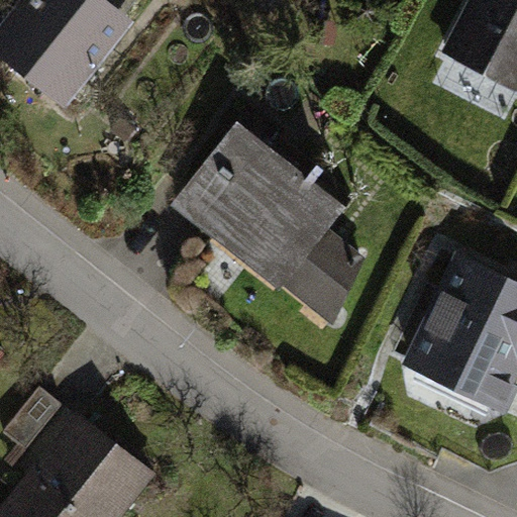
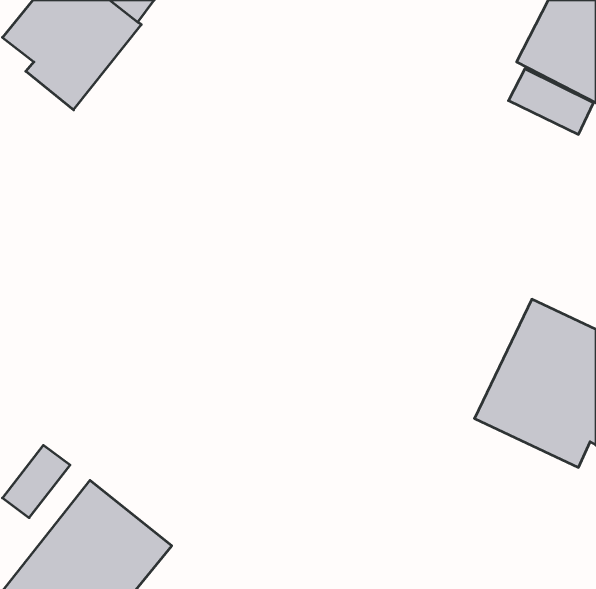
building: [176,120,359,326] -> none

